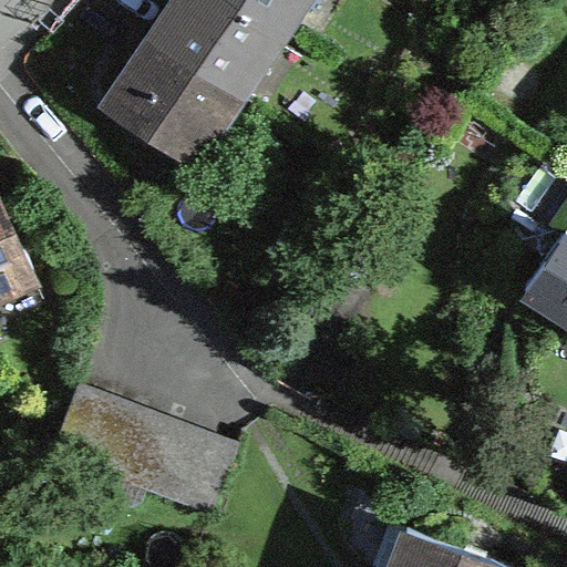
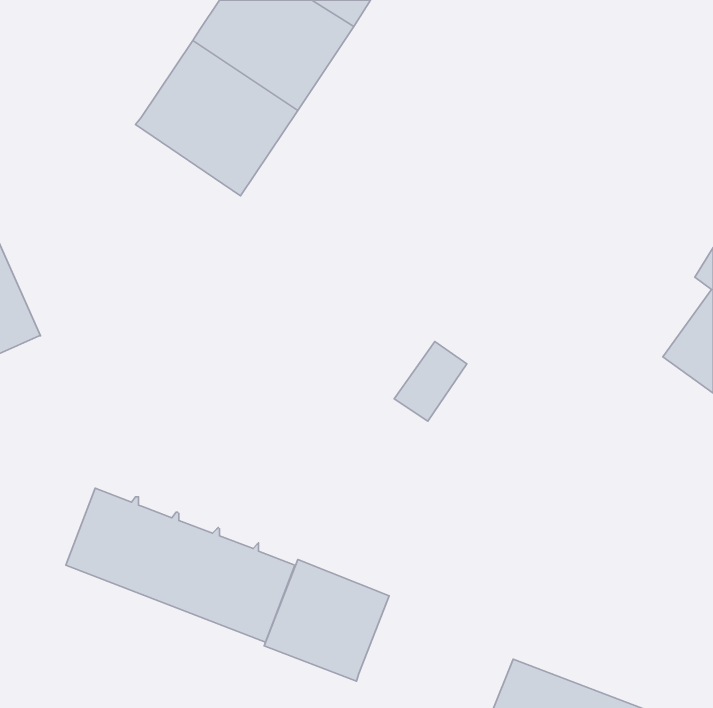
building: none -> [264,559,389,681]

